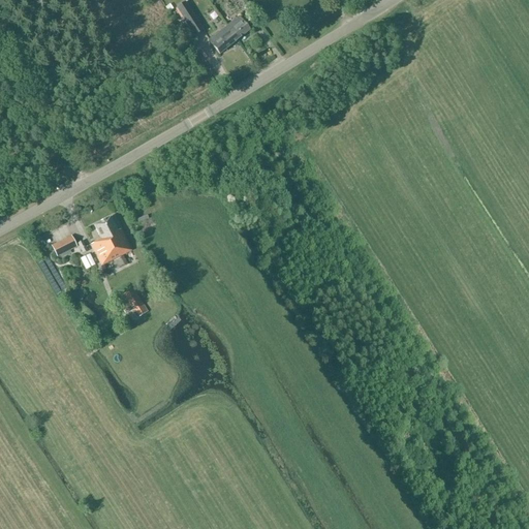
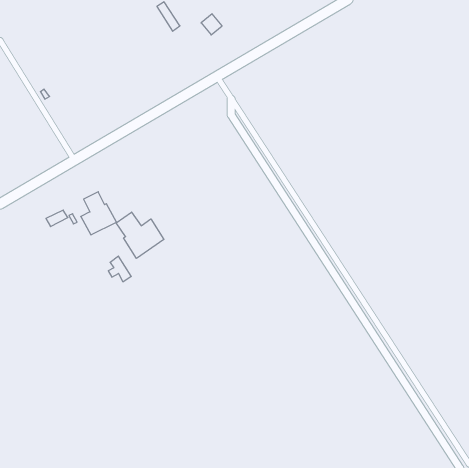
building: [209,26,238,54] -> none
building: none -> [116,212,164,258]

